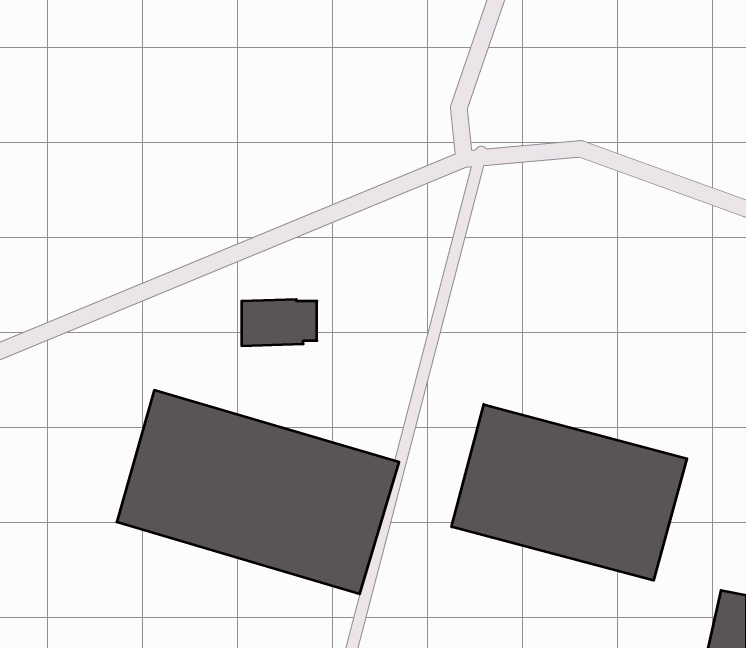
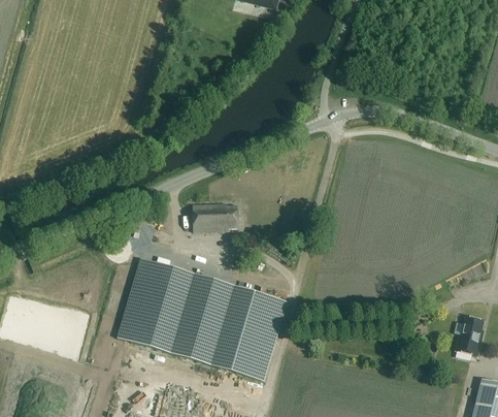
building: [452,404,687,580] -> none
building: none -> [455,316,483,355]

